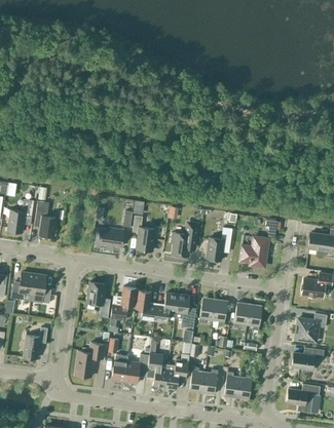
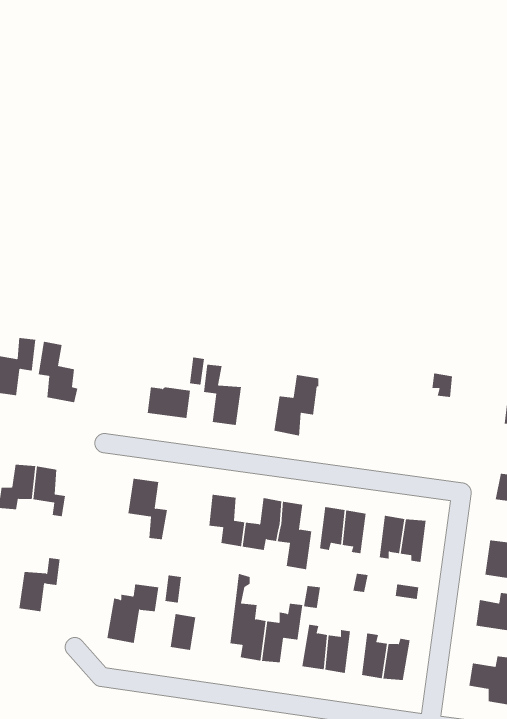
building: [206,226,231,259] -> none
building: [238,235,266,265] -> none
building: [110,286,136,319] -> none
building: [123,353,148,383] -> none

